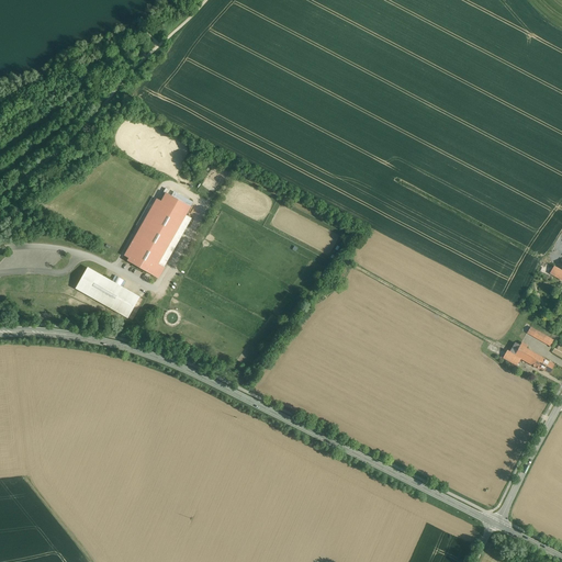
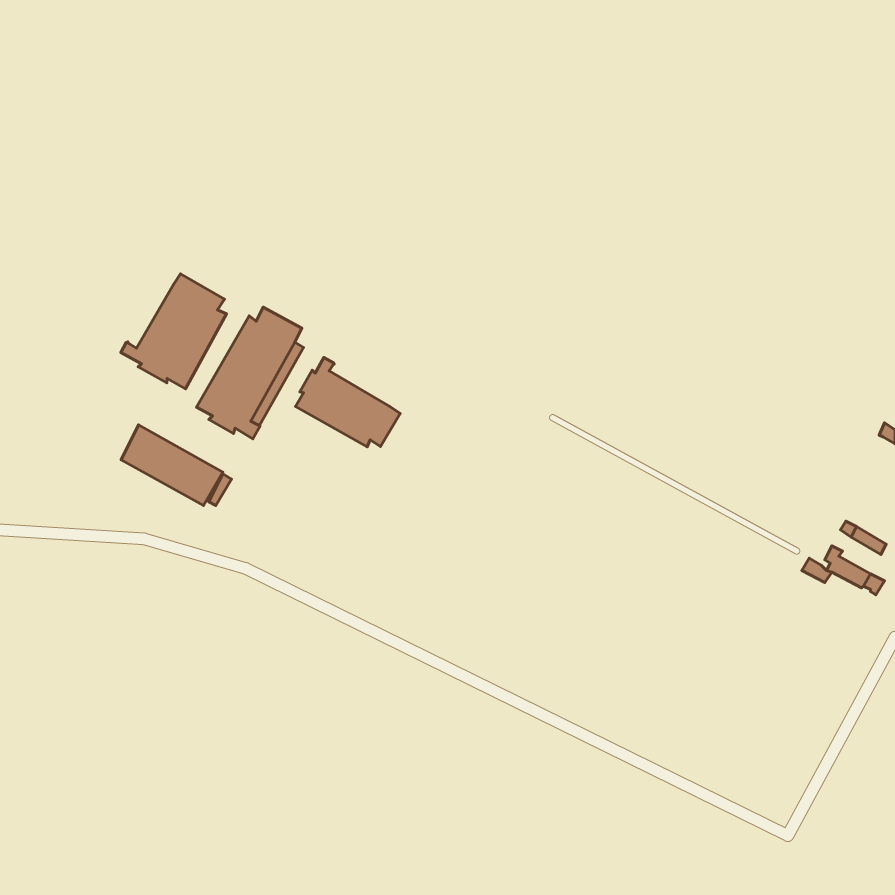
building: none -> [121,274,227,389]
building: none -> [296,357,400,447]

